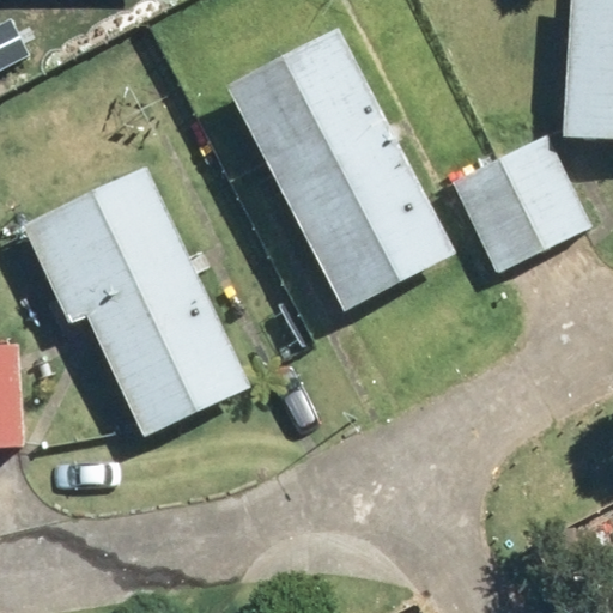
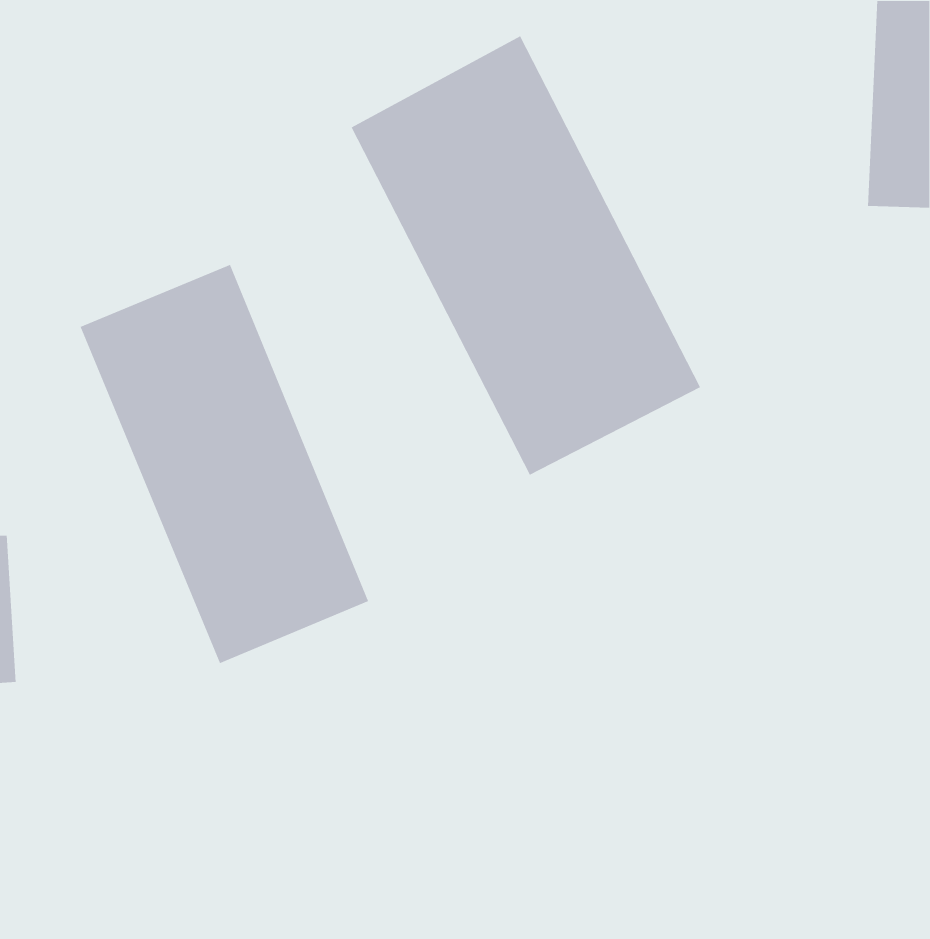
building: [448,134,594,275] -> none

